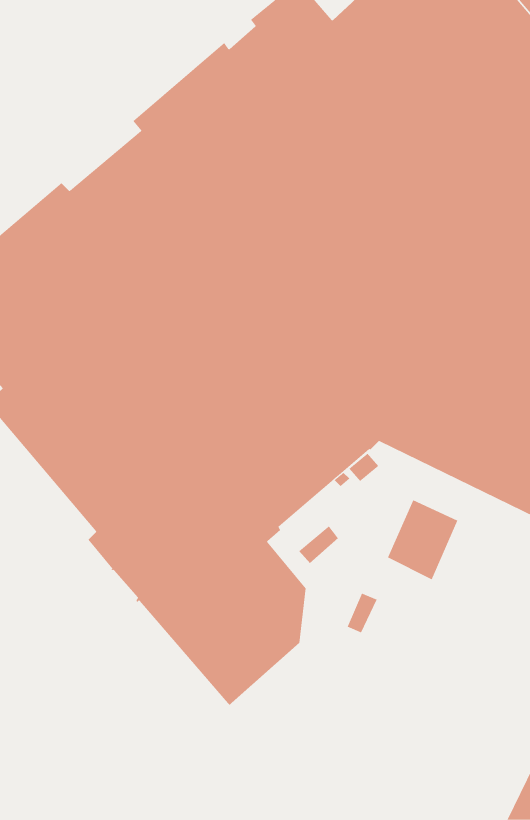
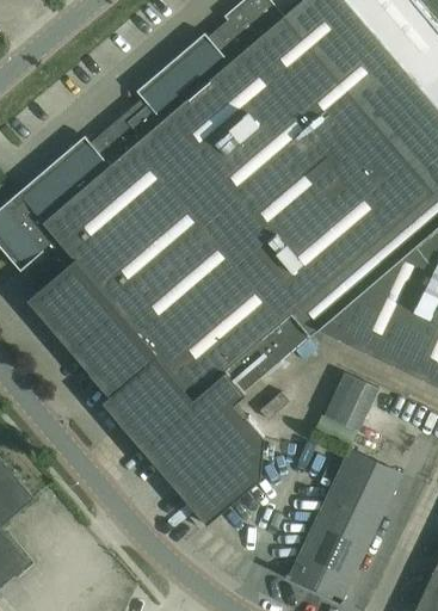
building: none -> [288,450,402,604]

